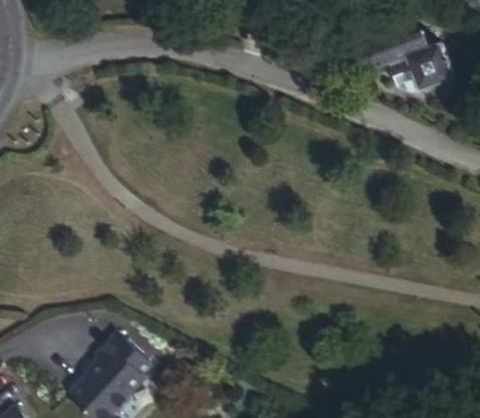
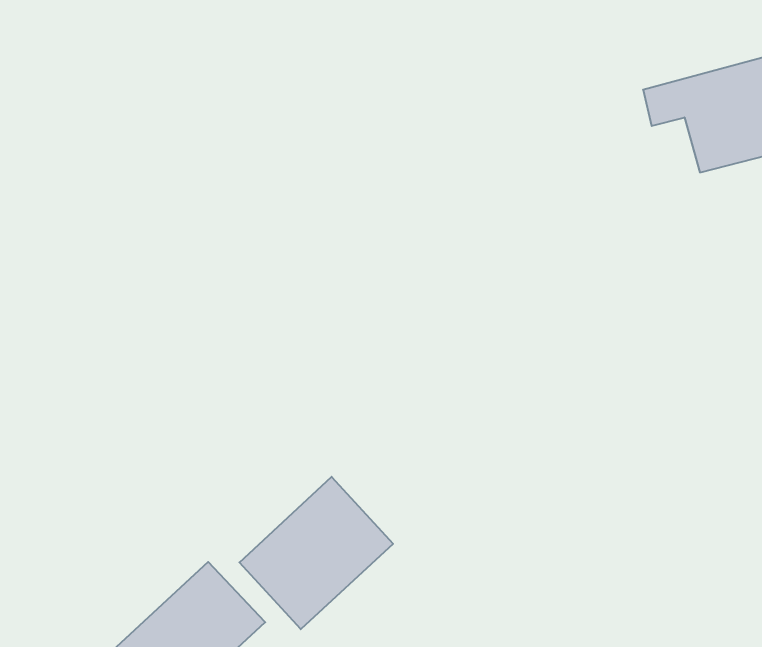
building: none -> [239,477,393,629]

